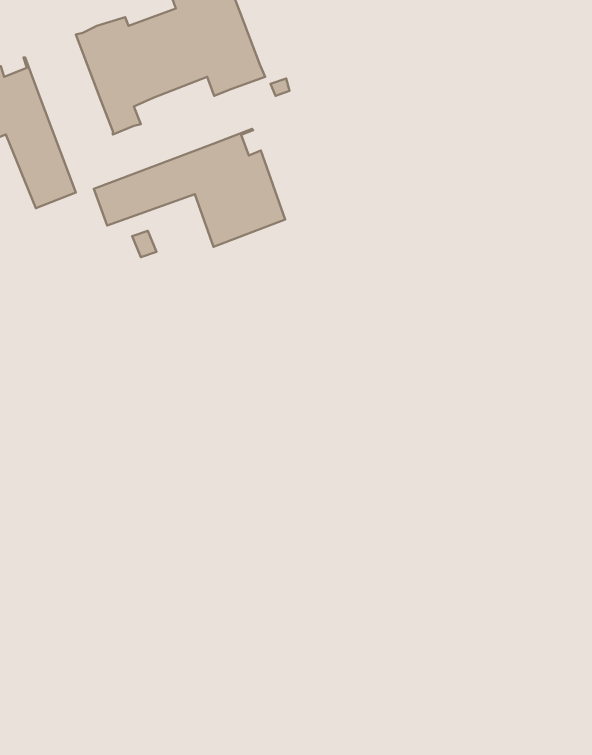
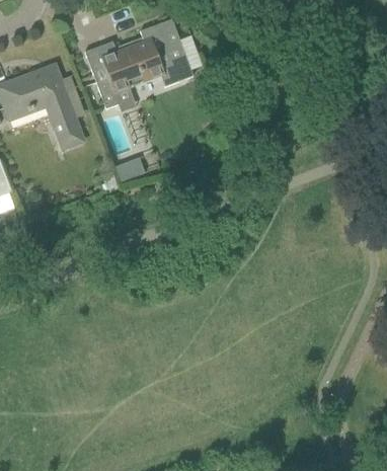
building: [94,129,285,247] -> none

